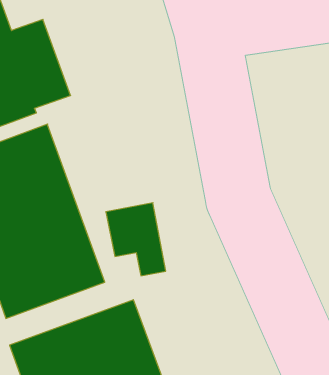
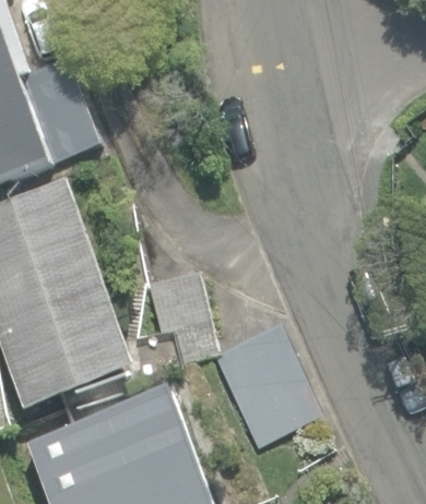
building: none -> [212,321,318,444]

